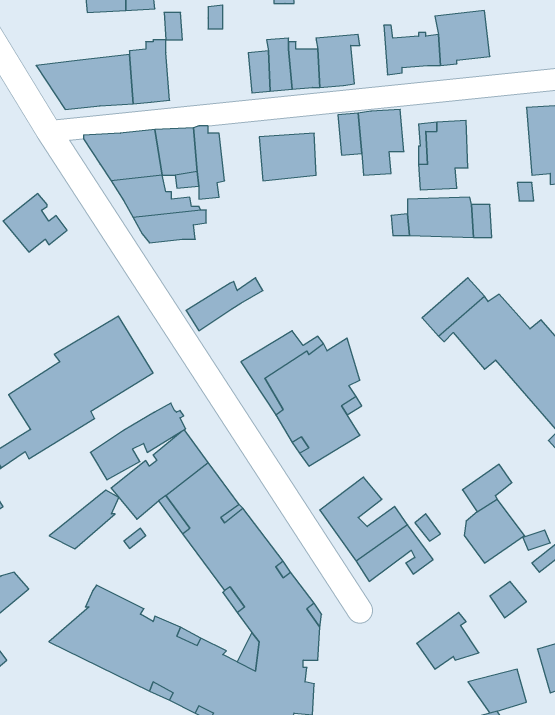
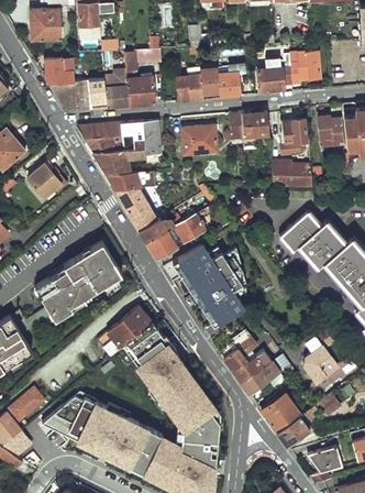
building: none -> [42,57,75,85]
building: none -> [126,75,154,106]
building: none -> [318,116,342,145]
building: none -> [117,189,165,232]
building: [90,403,186,480] -> [146,215,203,261]
building: [49,490,119,549] -> [41,396,82,431]
building: none -> [262,391,309,432]

